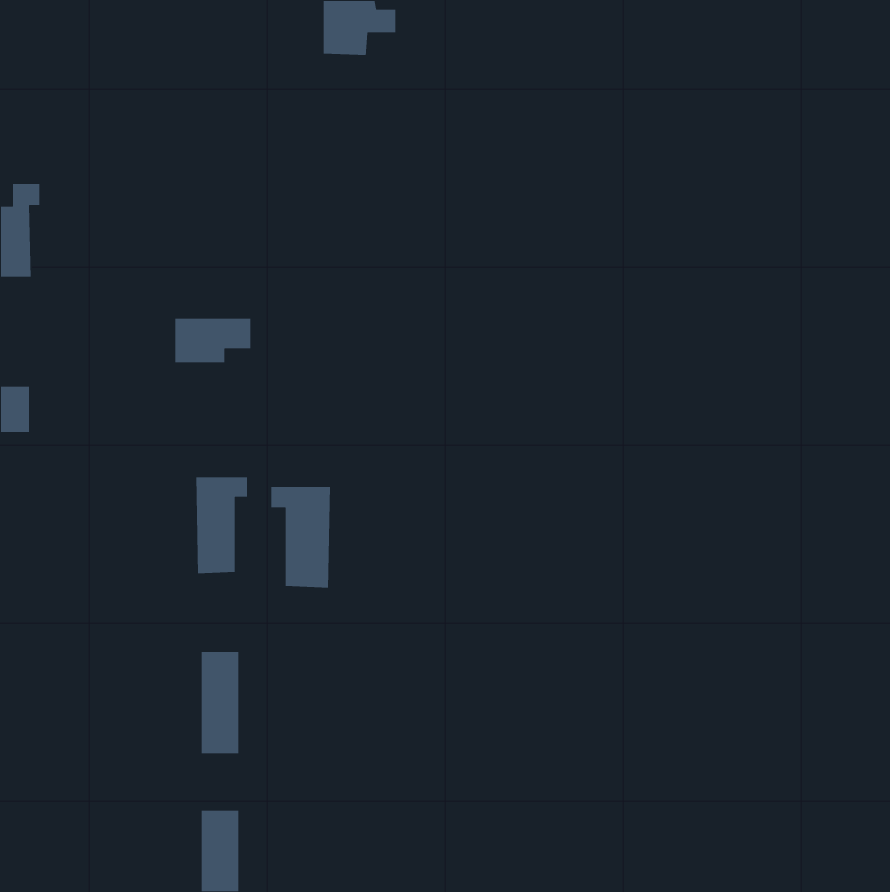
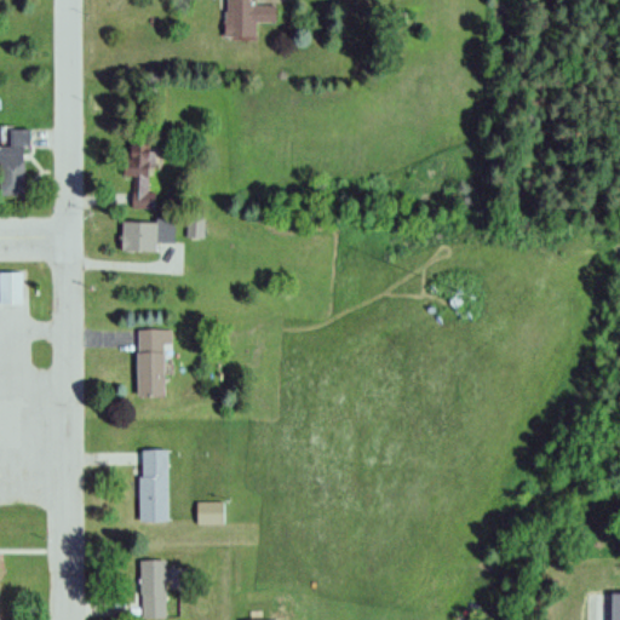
building: none -> [126,144,154,208]
building: [271,486,331,588] -> none
building: none -> [197,503,226,527]

